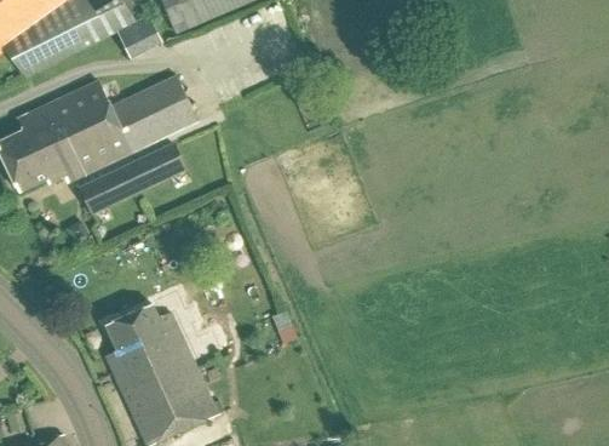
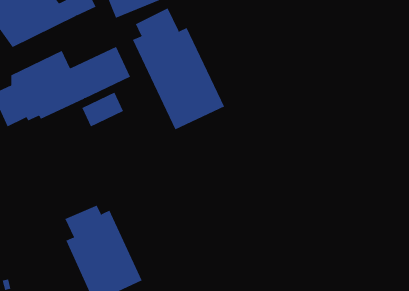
building: [117,16,162,57] -> none
building: none -> [132,8,225,130]
building: [79,162,139,213] -> none

